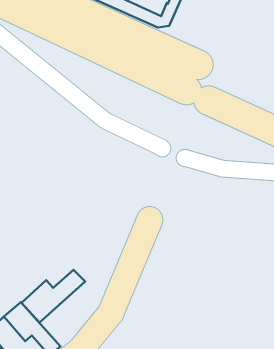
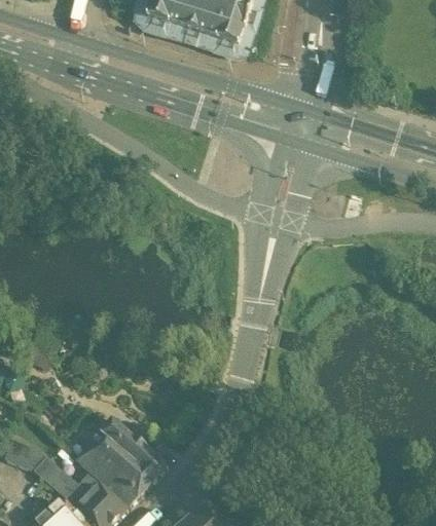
building: [22,270,85,322] -> none

